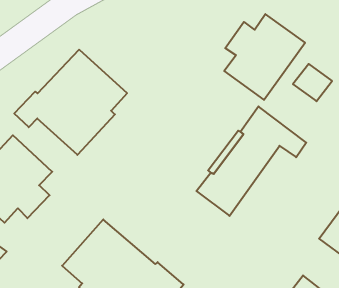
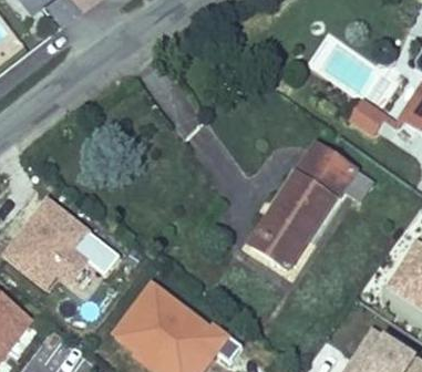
building: [224,14,305,100] -> none
building: [14,50,127,155] -> none

